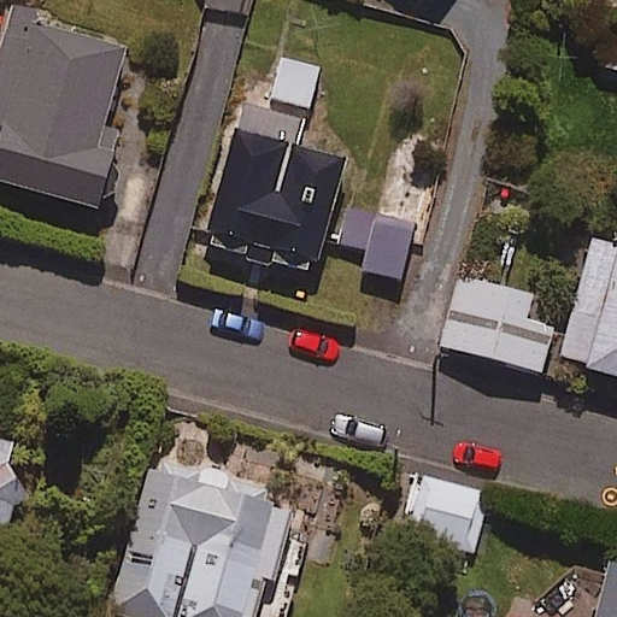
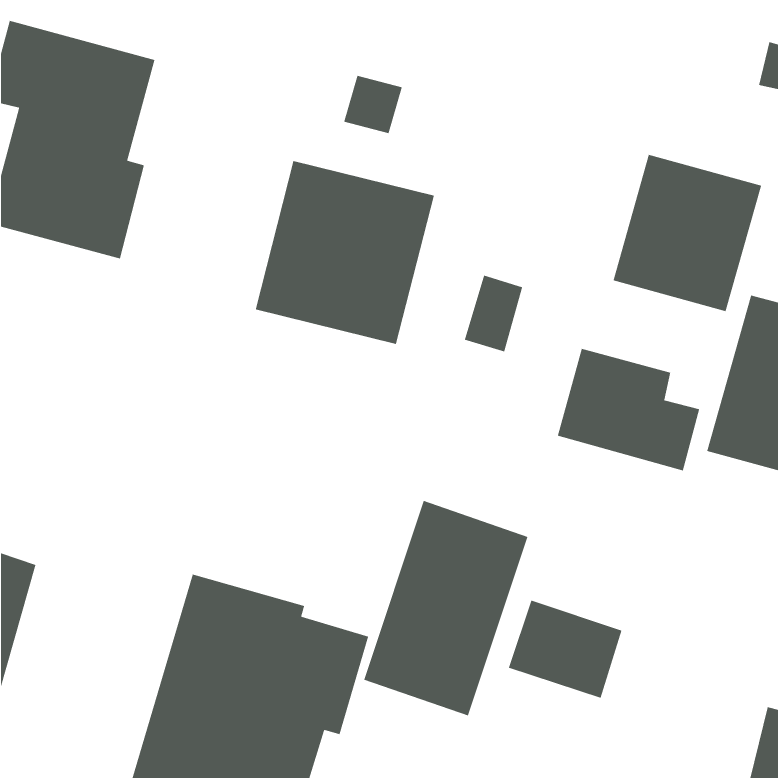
building: none -> [612,154,762,312]
building: none -> [363,500,529,717]

